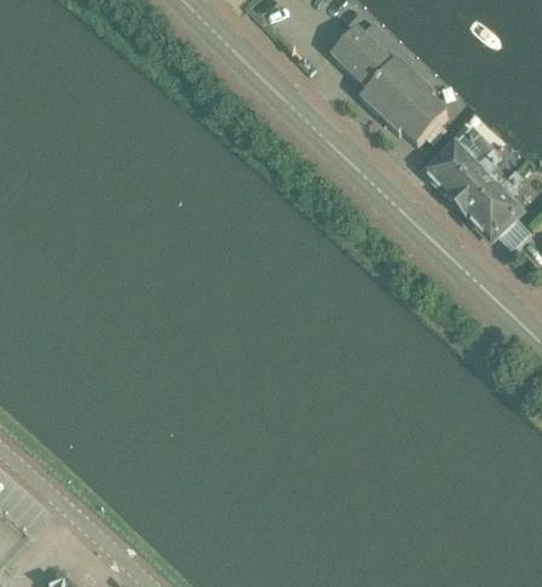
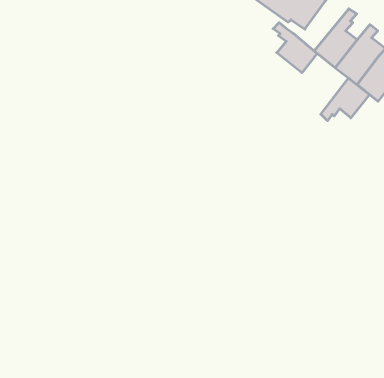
building: none -> [273,23,317,73]
building: none -> [321,78,369,121]

